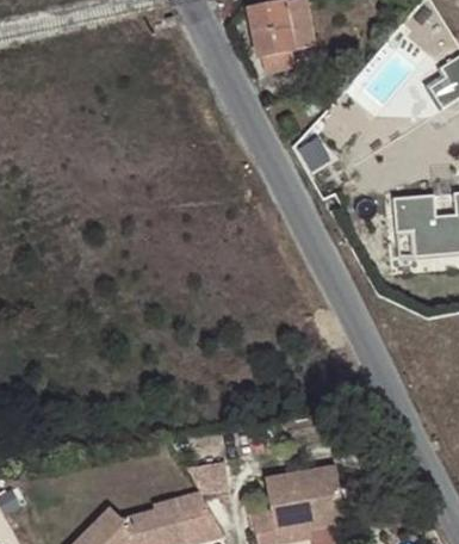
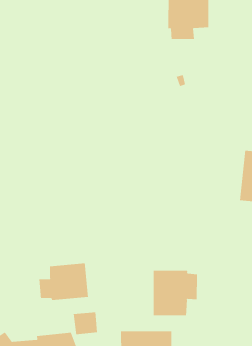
building: none -> [153,270,198,316]
building: none -> [39,263,88,301]

